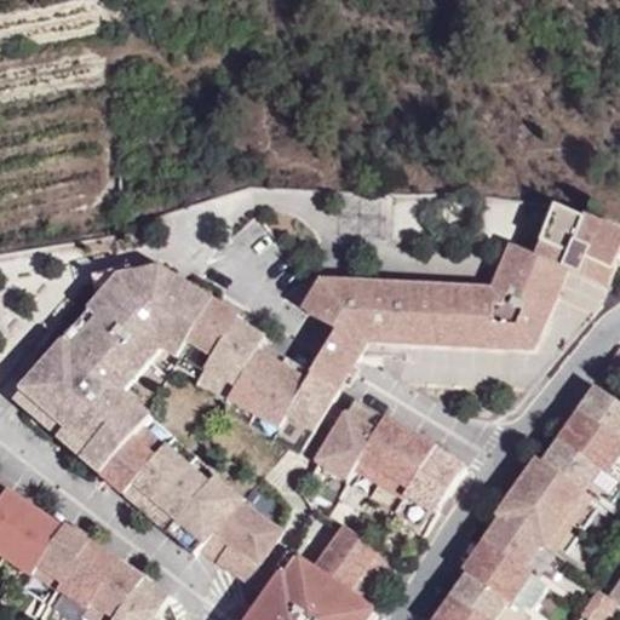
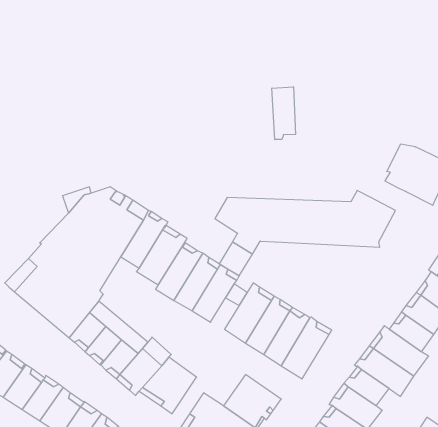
building: none -> [272,87,296,140]
building: [498,240,566,295] -> none

